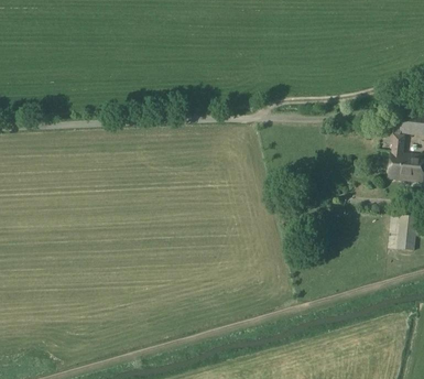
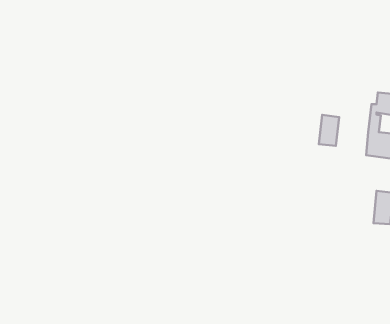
building: none -> [319,115,339,146]

